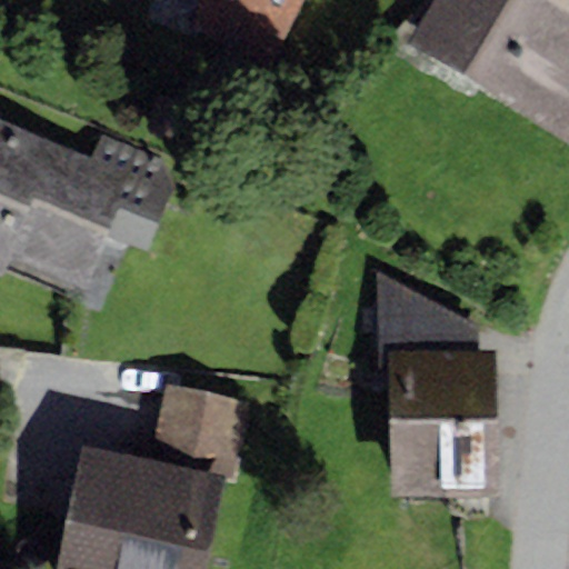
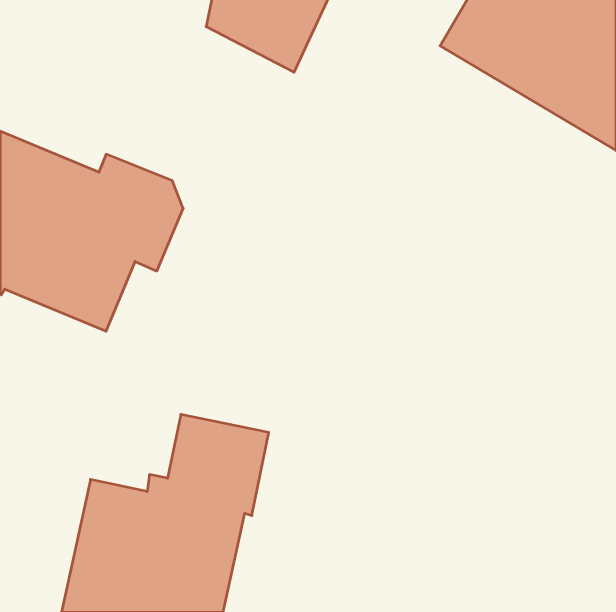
building: [375,268,498,492] -> none

